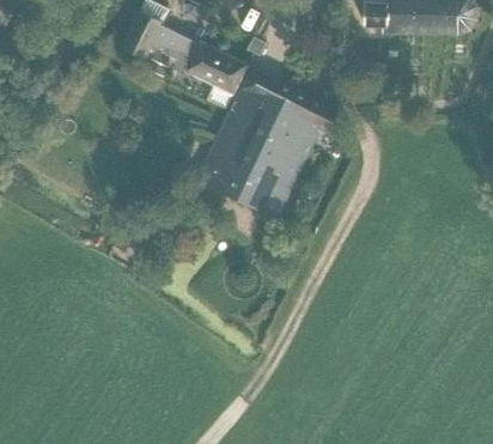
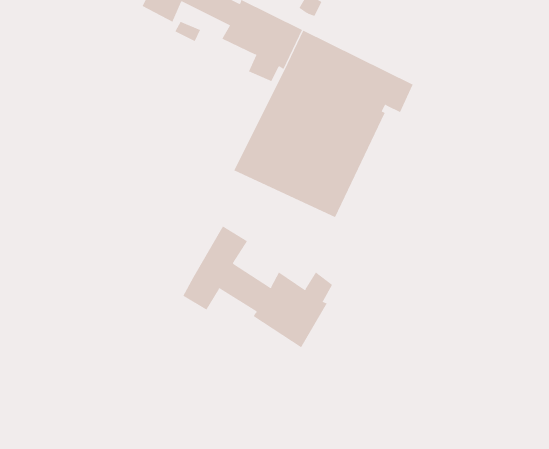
building: none -> [182,225,333,348]

